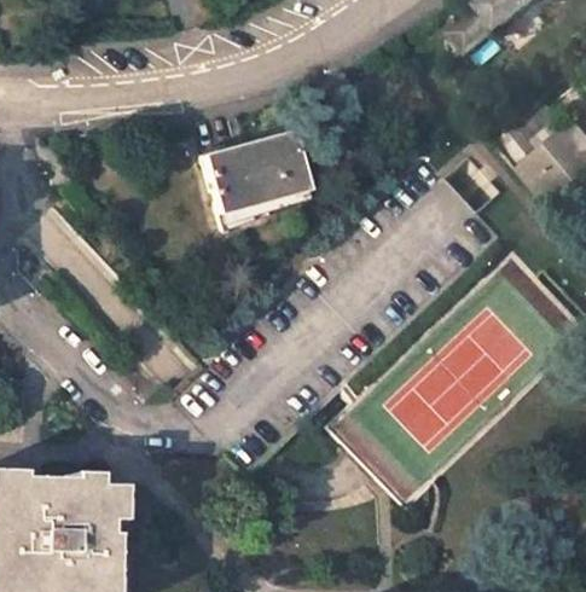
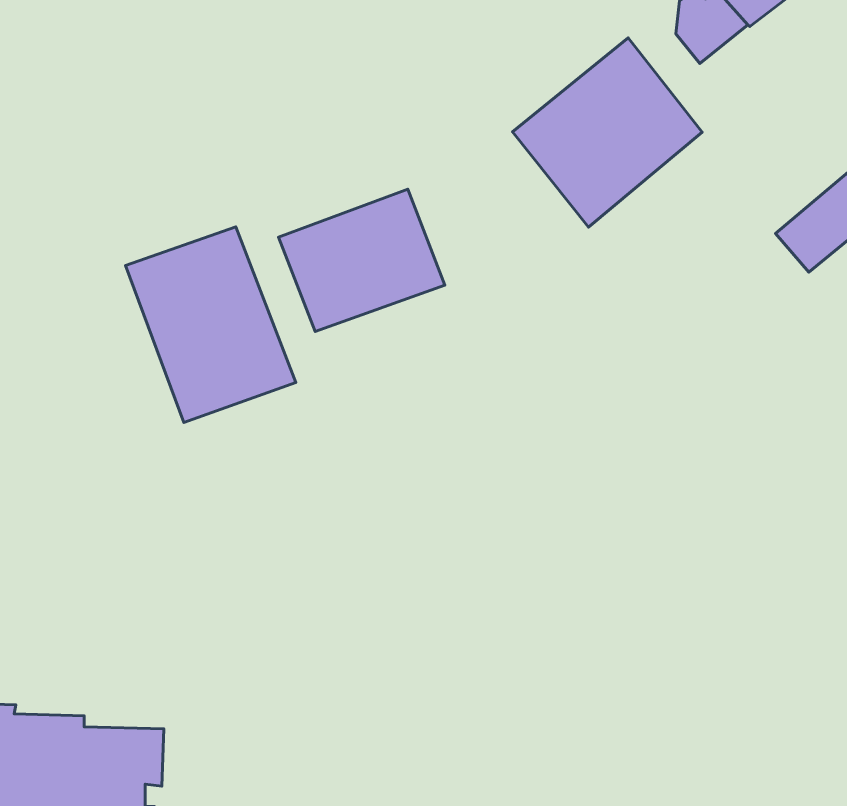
building: none -> [512,38,702,227]
building: none -> [126,227,296,423]

